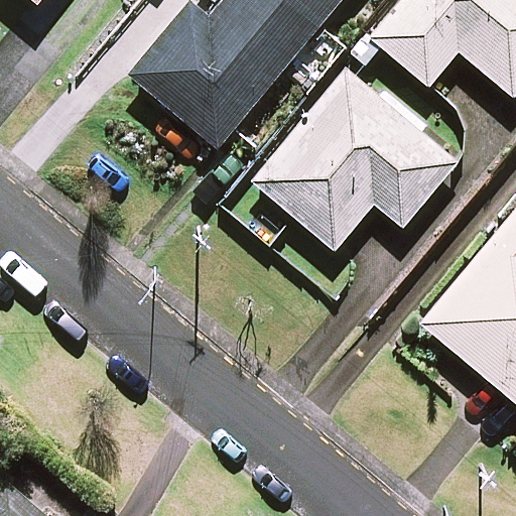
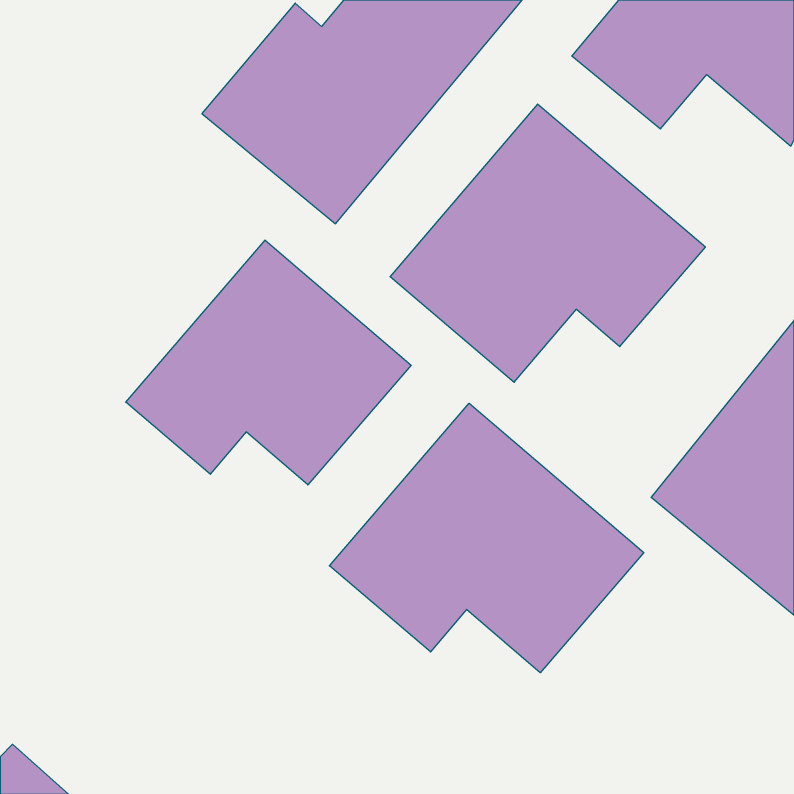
building: none -> [126,240,411,485]
building: none -> [329,403,644,673]

